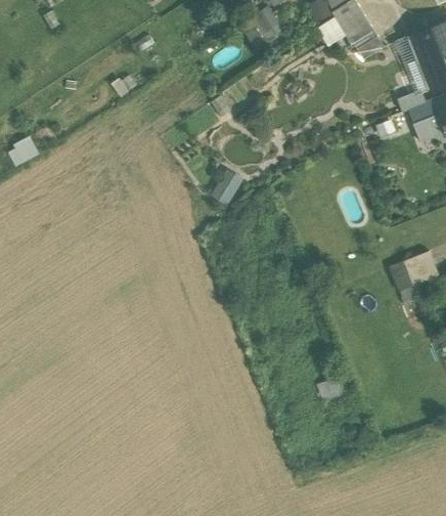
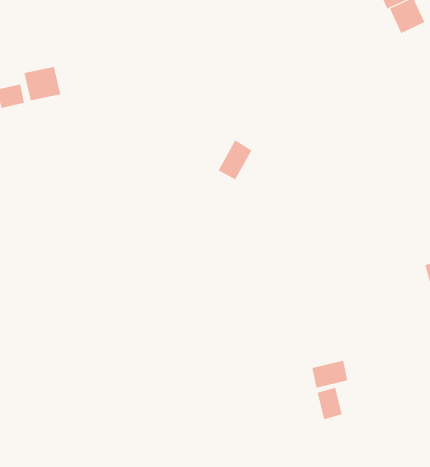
building: none -> [24,66,61,101]
building: none -> [312,360,348,389]

